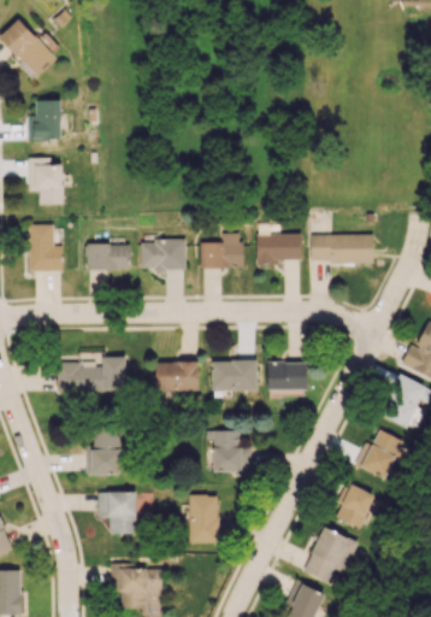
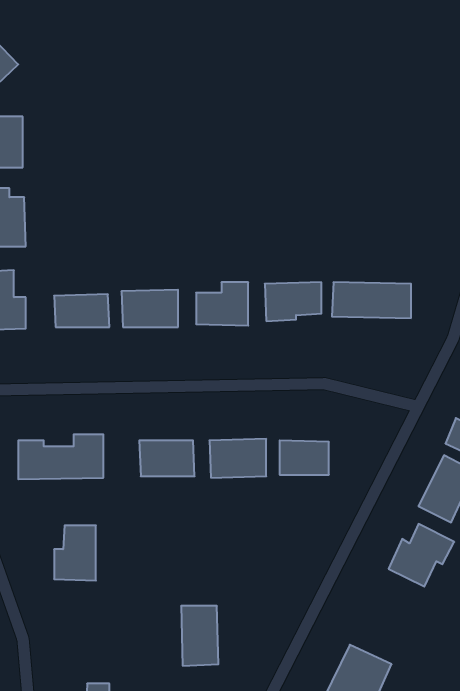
building: [207,430,242,472] -> none
building: [338,484,374,528] -> none
building: [99,492,137,534] -> none

